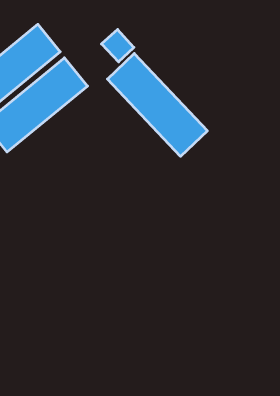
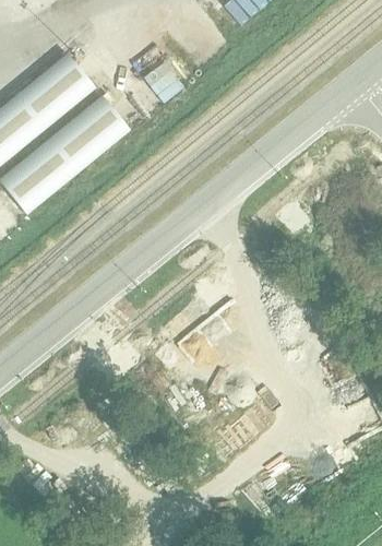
building: [107,53,207,156] -> none

